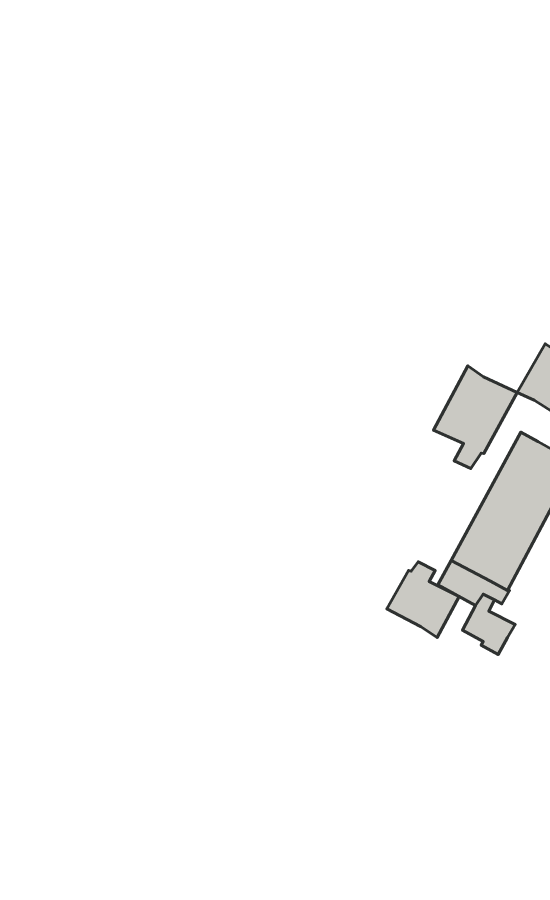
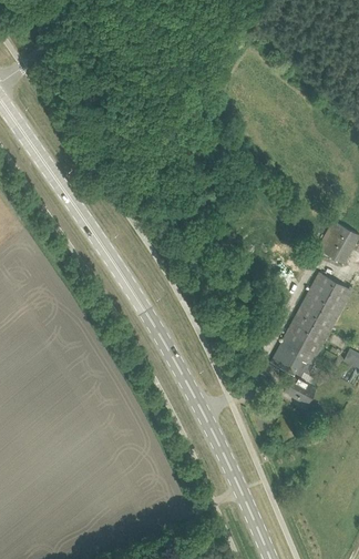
building: [434,366,517,469] -> none
building: [387,562,459,637] -> none

